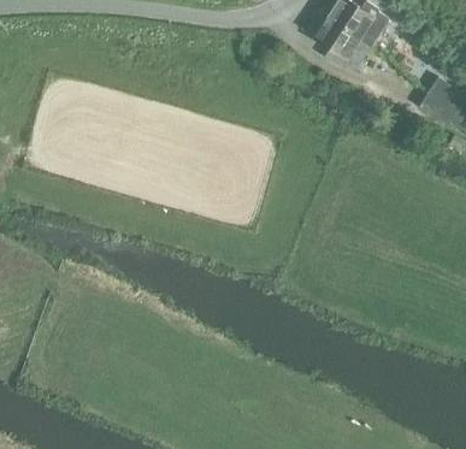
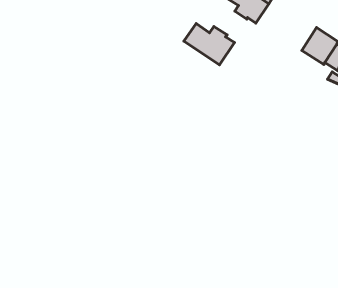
building: none -> [184,23,234,65]

